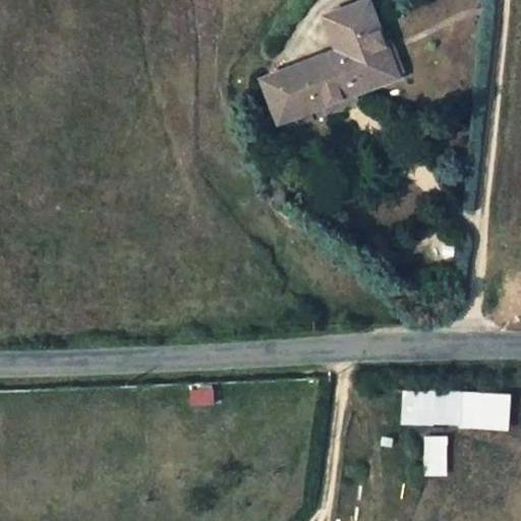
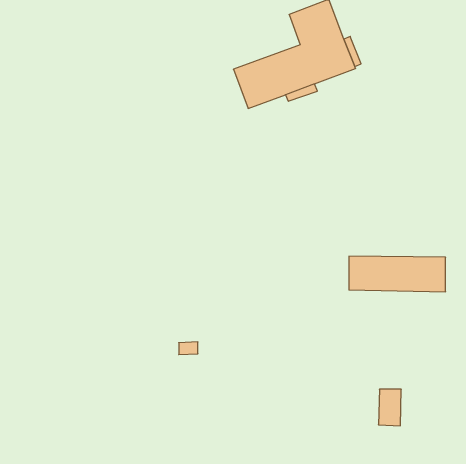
building: [401,390,509,429] -> [349,256,446,292]

